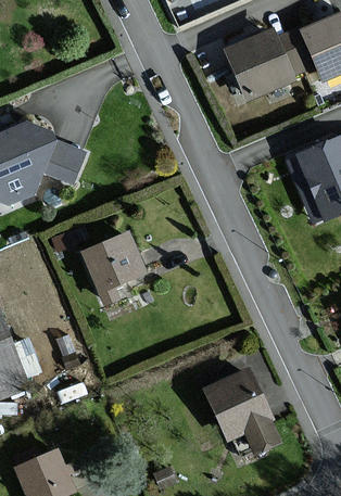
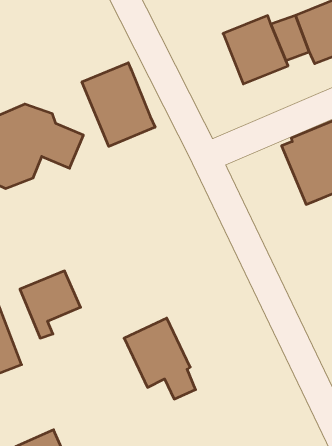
building: none -> [82,63,155,146]
building: [83,233,144,302] -> [20,271,81,338]
building: [205,368,278,450] -> [124,318,196,399]

